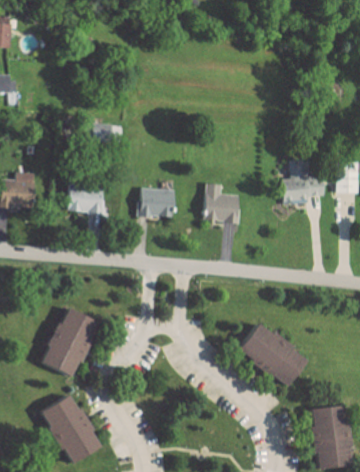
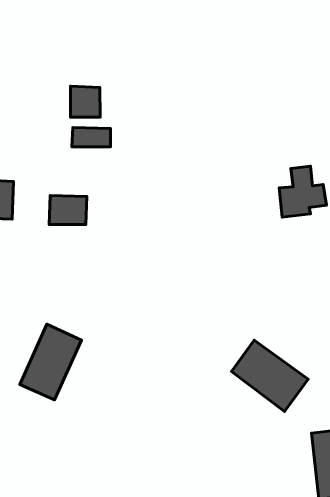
building: none -> [70,86,100,117]
building: [205,185,240,224] -> none
building: [140,189,175,218] -> none
building: [41,393,99,462] -> none

